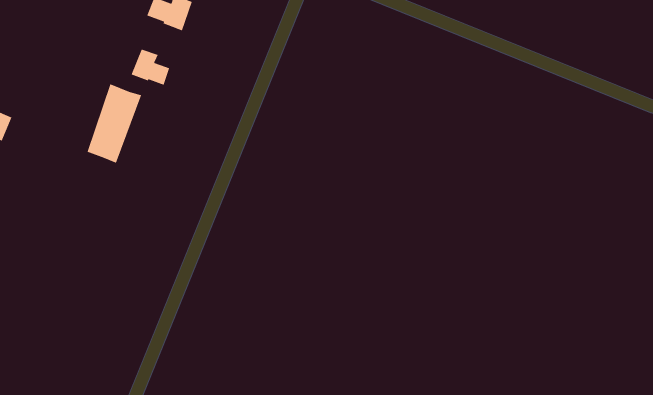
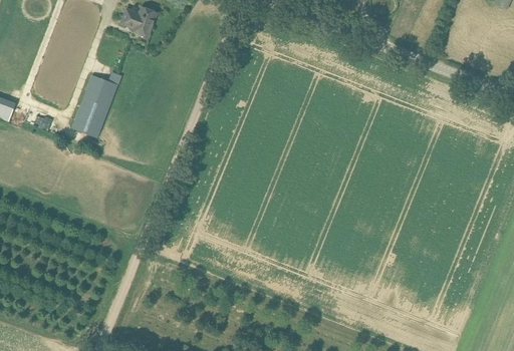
building: [131,48,170,86] -> none

